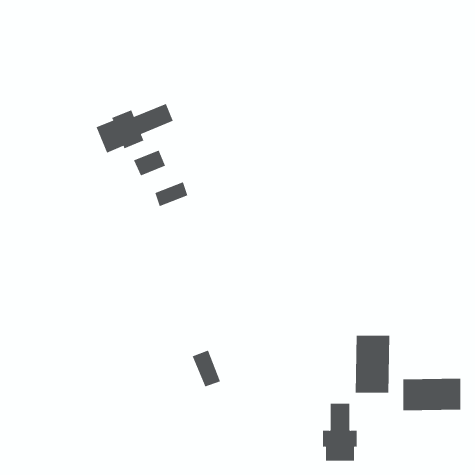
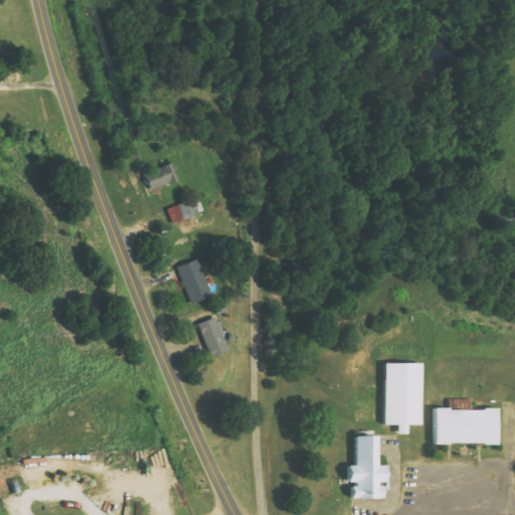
building: [96,103,174,153] -> none
building: none -> [178,258,212,303]
building: [192,350,221,387] -> [198,316,229,356]

